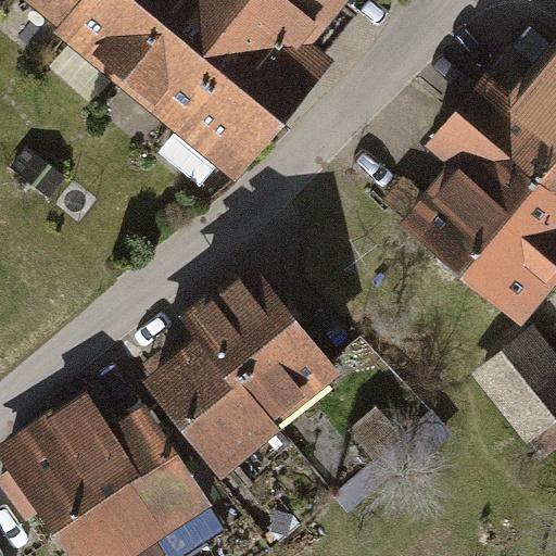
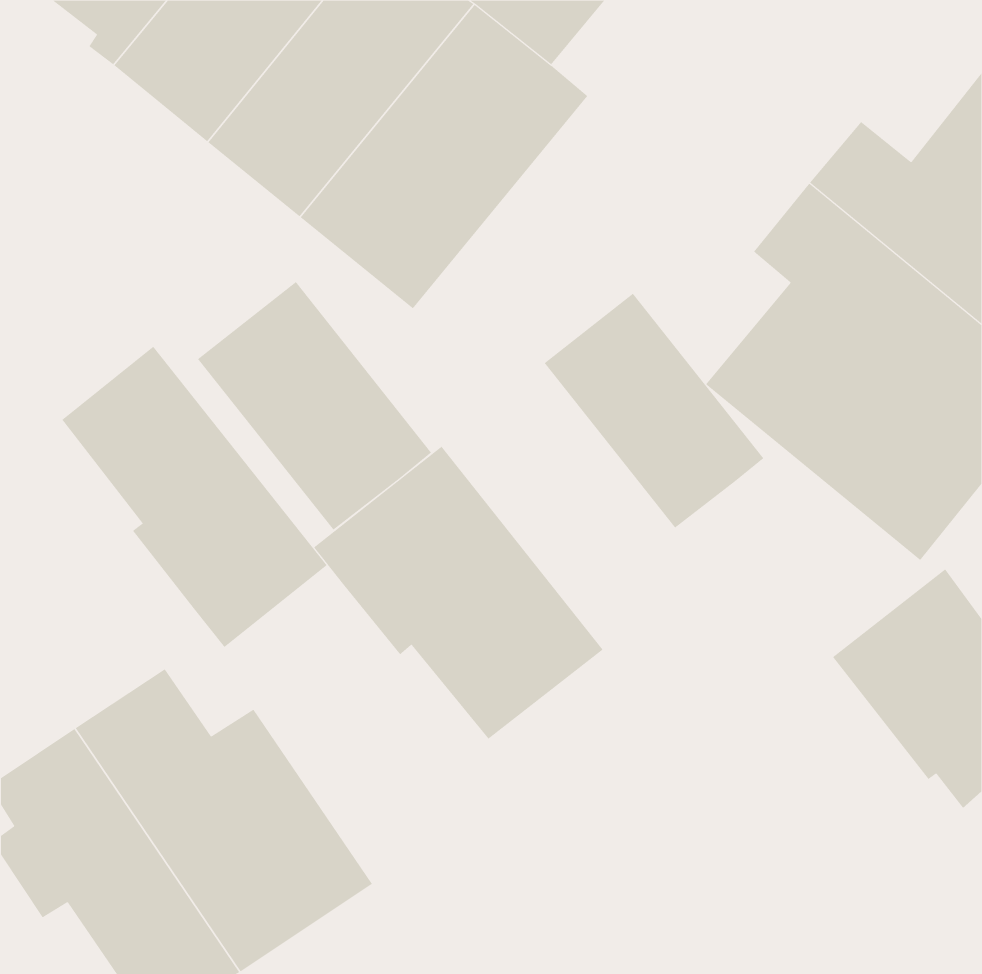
building: none -> [197,281,432,531]
building: none -> [544,293,764,529]
building: none -> [61,346,328,648]
building: [140,334,280,476] -> none

